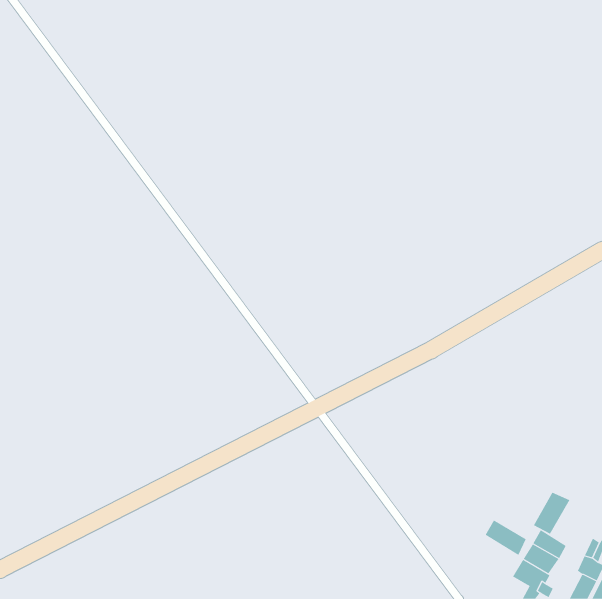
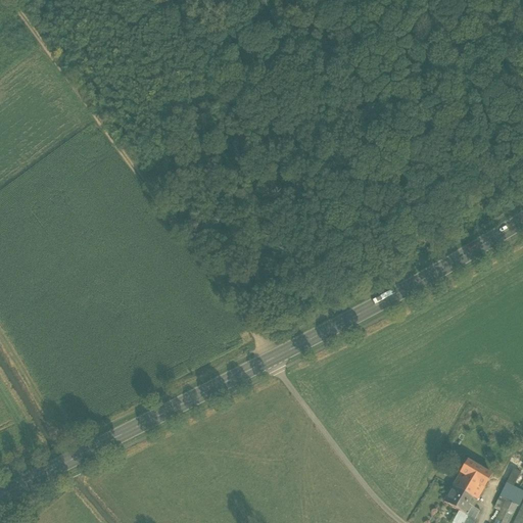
building: [533,492,570,534] -> none
building: [485,520,526,556] -> none

